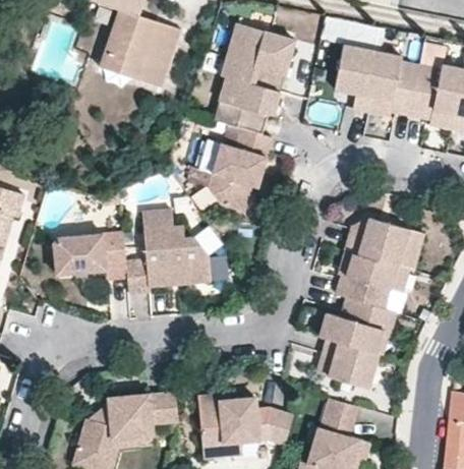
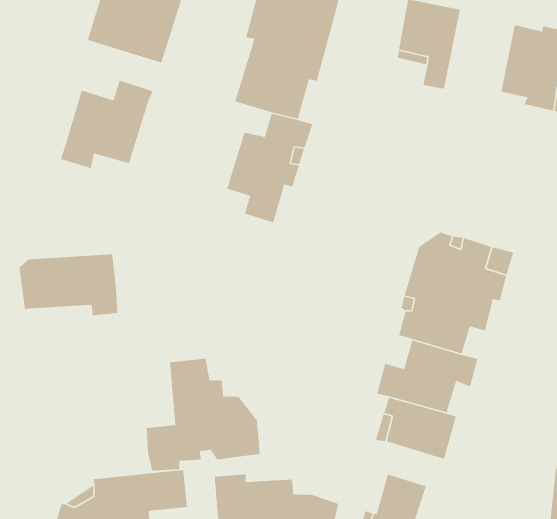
building: [370,51,422,115] -> none
building: none -> [60,80,153,169]
building: [126,208,212,292] -> [146,358,261,471]

